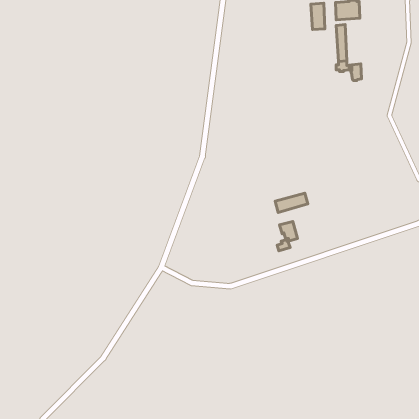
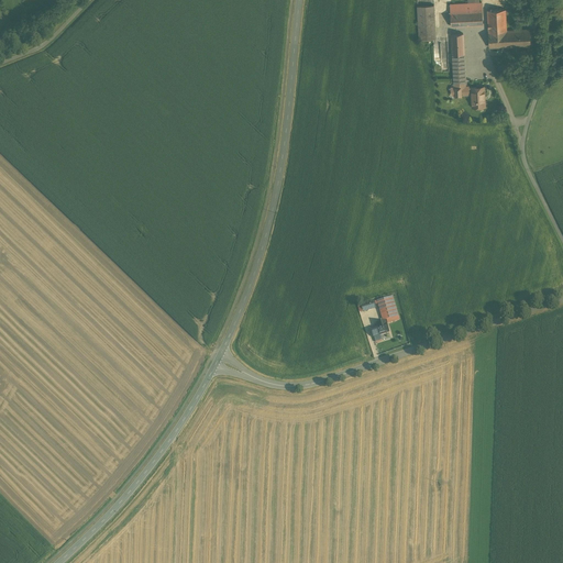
building: none -> [488,10,530,47]
building: [275,193,308,213] -> none

